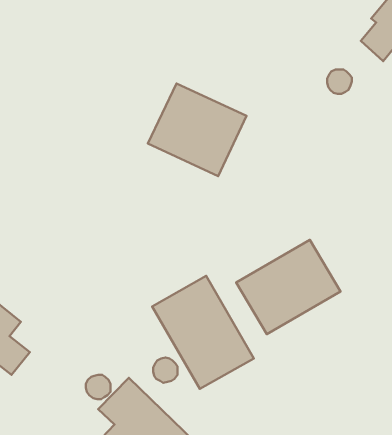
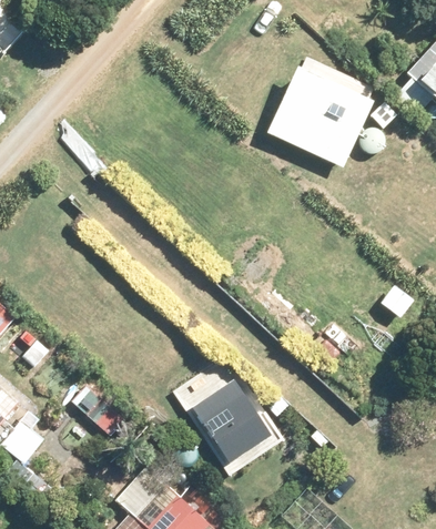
building: [148,83,247,176] -> [270,65,377,166]
building: [236,240,341,334] -> none

